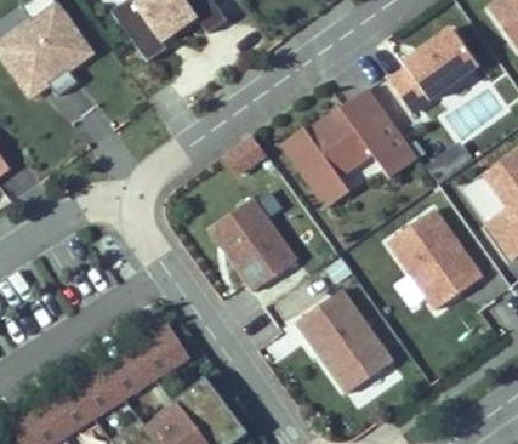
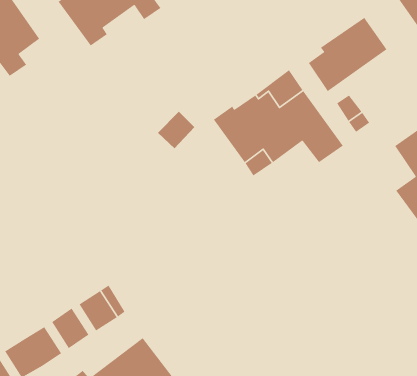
building: [210,198,296,290] -> none
building: [389,209,482,308] -> none
building: [297,289,393,392] -> none

